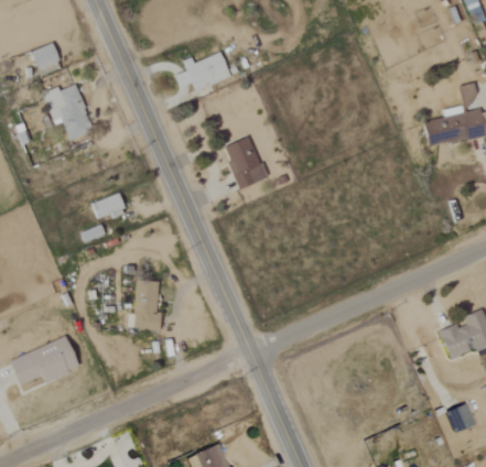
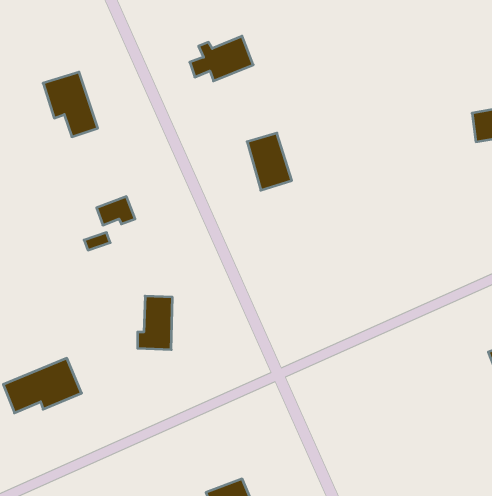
building: [32,43,63,76] -> none

